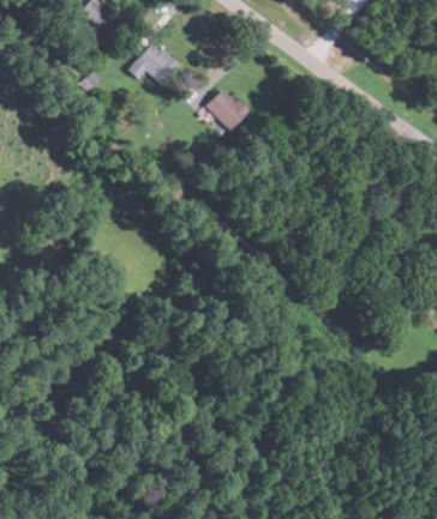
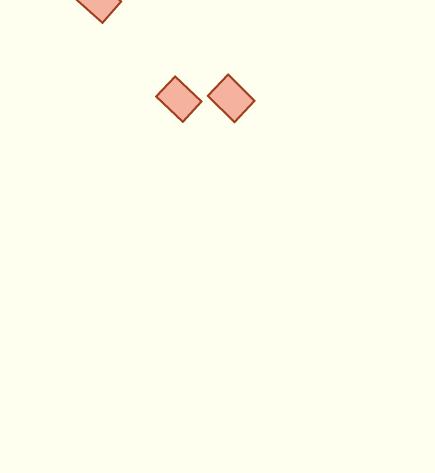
building: [134,41,178,84] -> [156,77,202,122]

